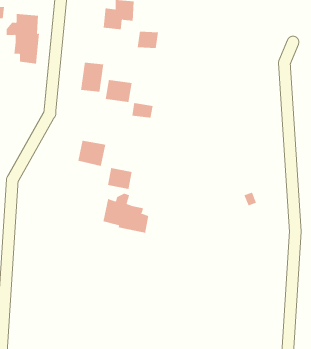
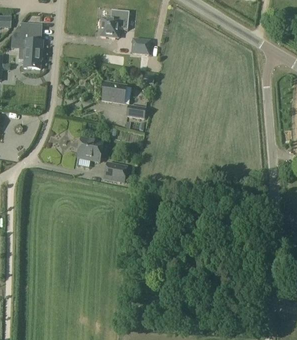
building: [80,62,104,93] -> none
building: [103,193,149,233] -> none

